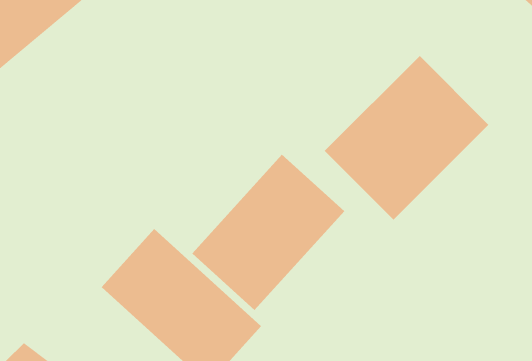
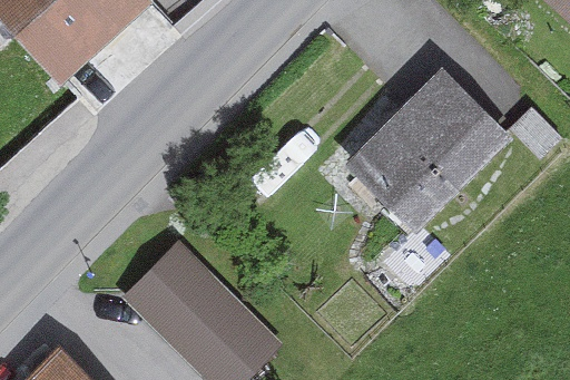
building: [191,154,345,311] -> none

